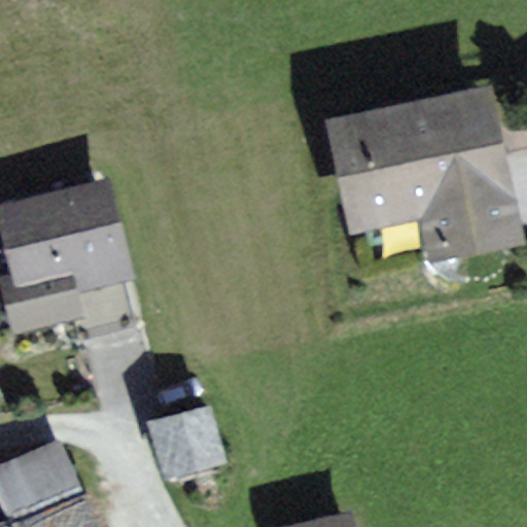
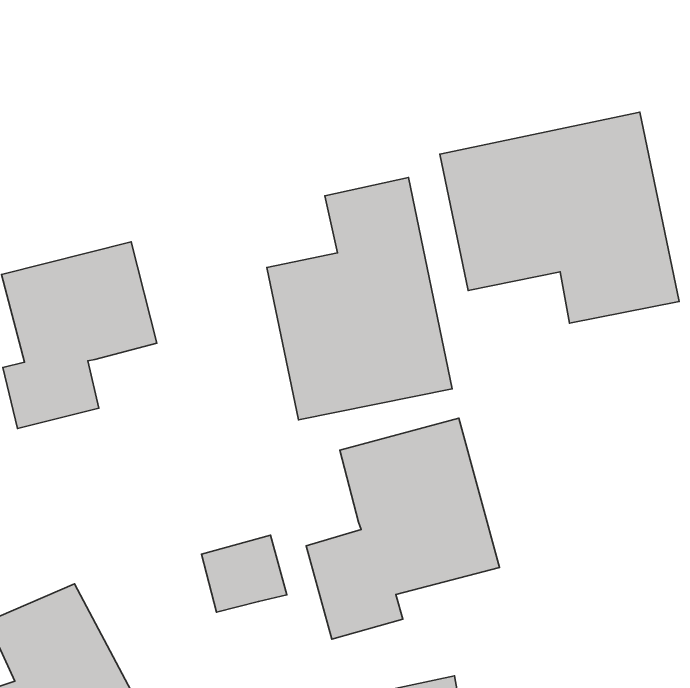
building: none -> [267,177,452,420]
building: none -> [306,418,500,639]

